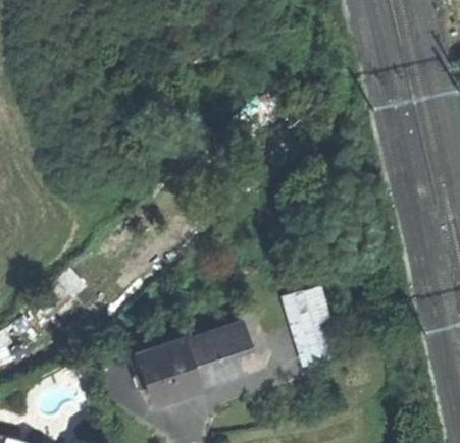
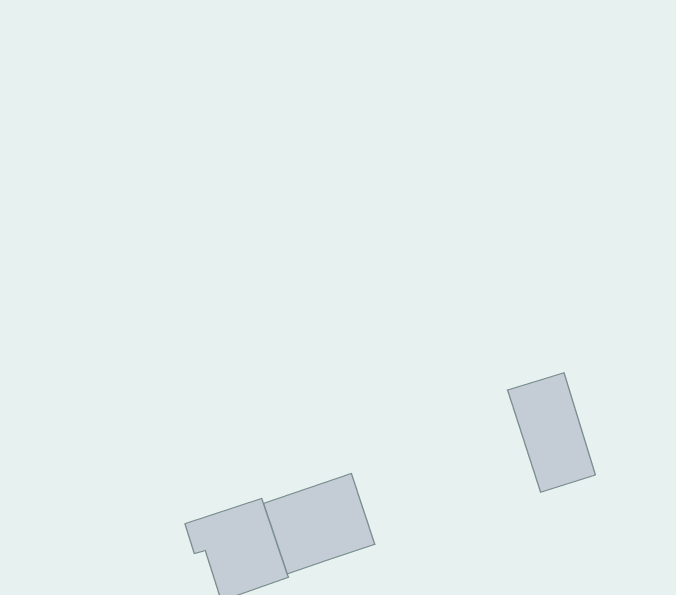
building: [282,285,339,363] -> [507,373,595,492]

